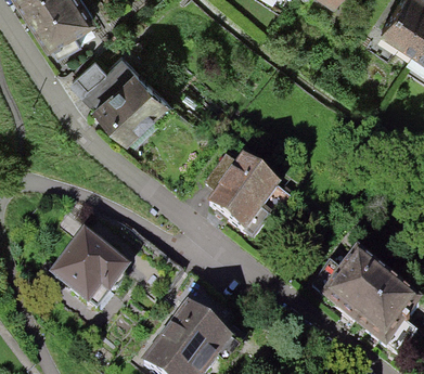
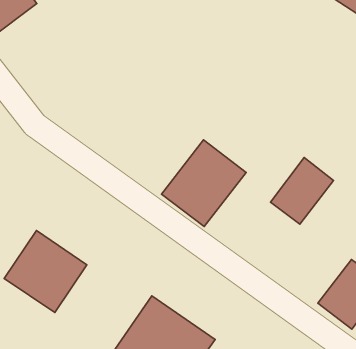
building: [69,56,171,146] -> none
building: [321,261,383,325] -> [271,158,334,224]

